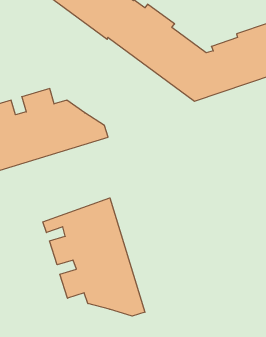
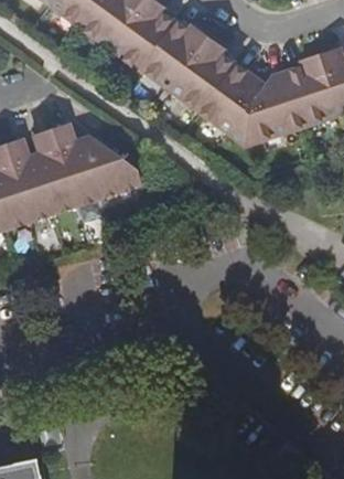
building: [43,198,145,316] -> none

